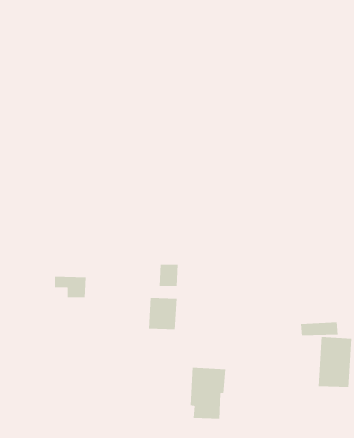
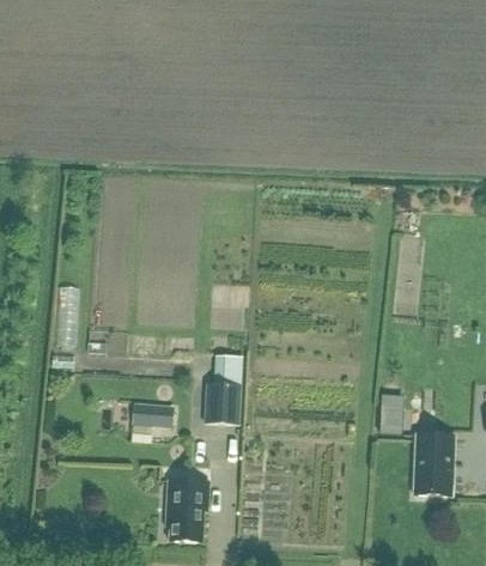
building: [54,276,86,298] -> [132,402,171,428]
building: [190,367,226,419] -> [164,479,208,542]

